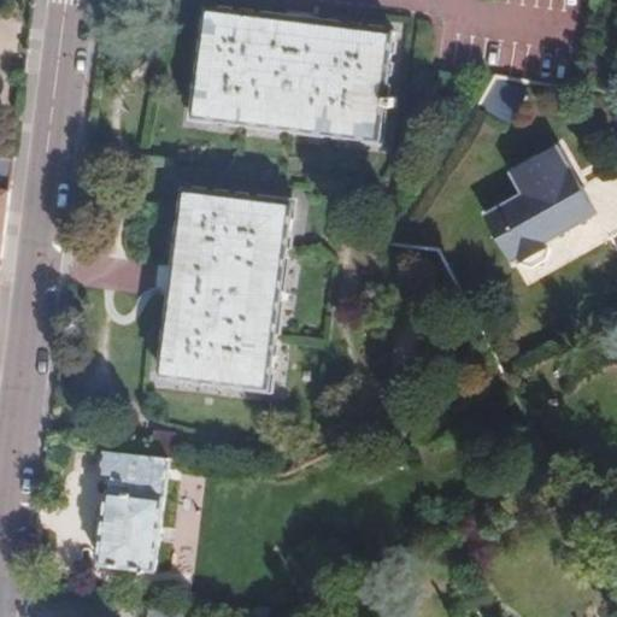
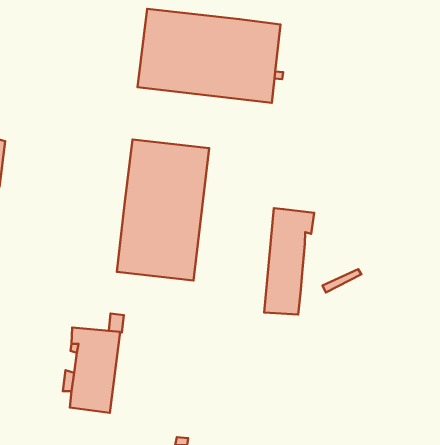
building: [474,143,584,258] -> none
building: none -> [264,208,314,314]

